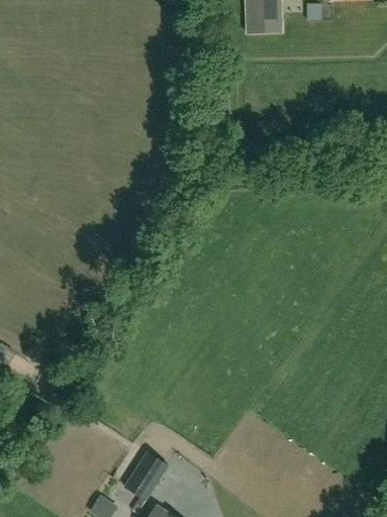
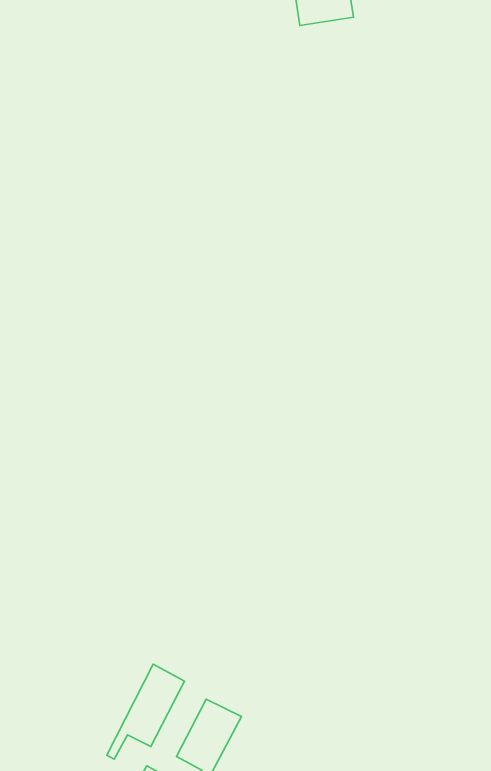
building: none -> [107,664,185,759]

